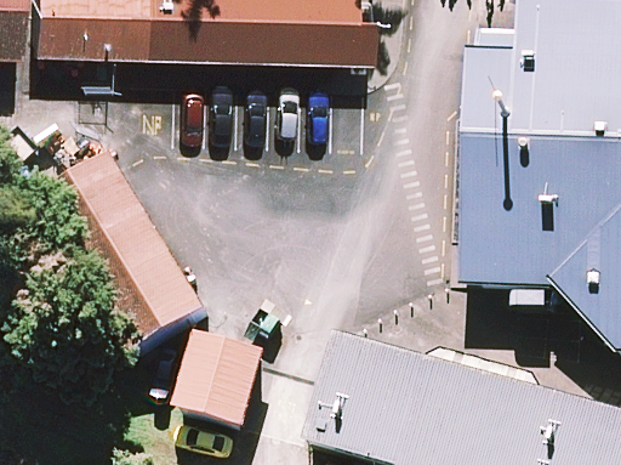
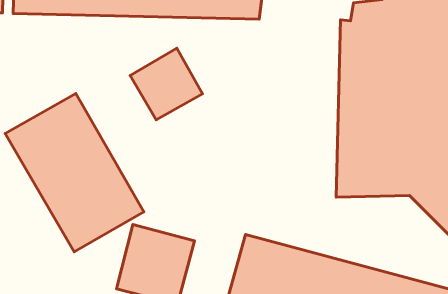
building: none -> [130,48,202,120]

